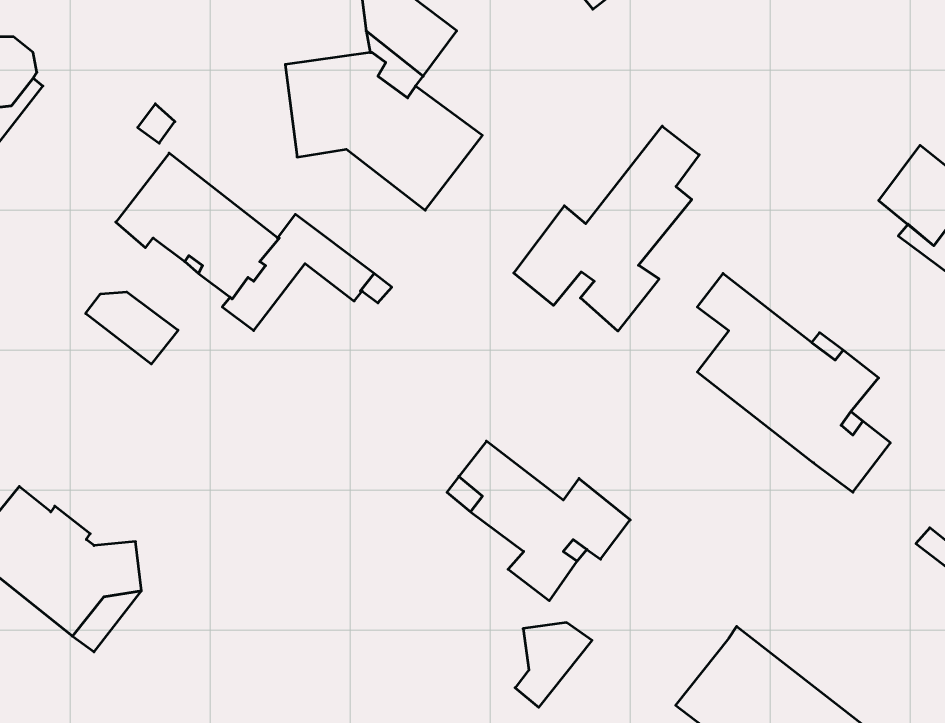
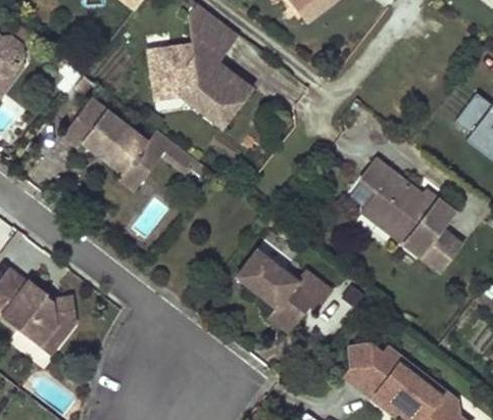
building: [514,126,699,331] -> none
building: [86,292,178,364] -> none
building: [515,623,592,707] -> [339,339,379,383]

